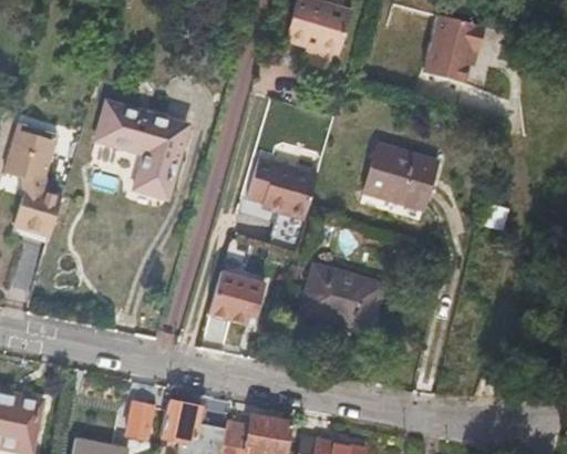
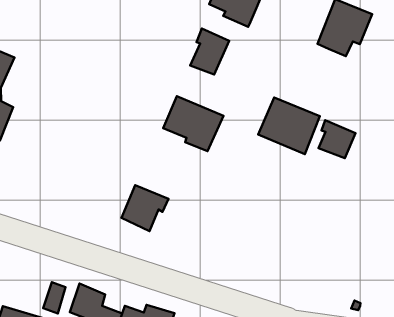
building: none -> [190,29,229,75]
building: [95,99,187,199] -> none
building: none -> [318,120,355,158]
building: [302,265,385,331] -> none

